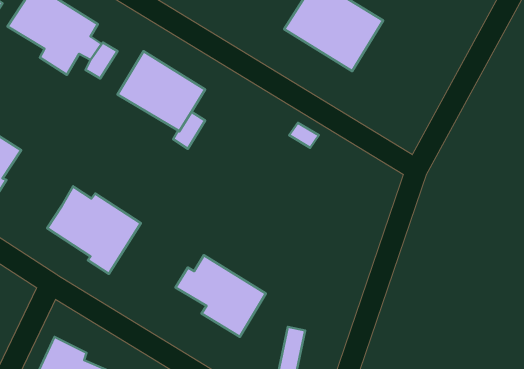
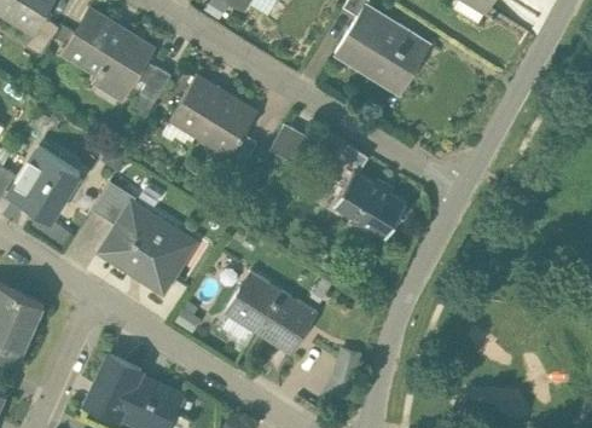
building: none -> [271,126,307,163]
building: none -> [333,172,406,237]
building: none -> [92,183,137,227]

